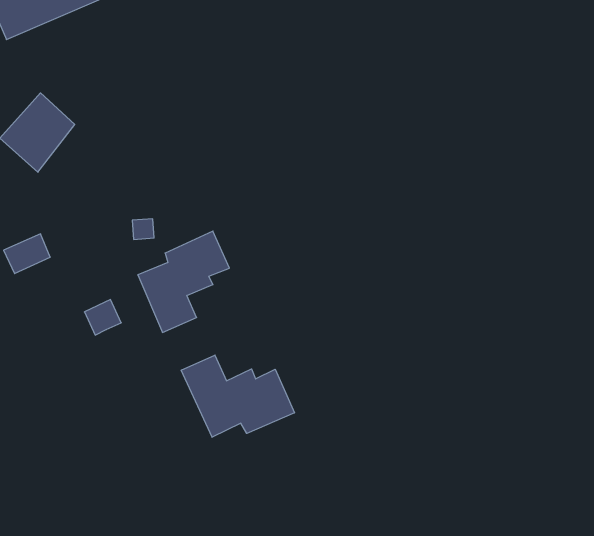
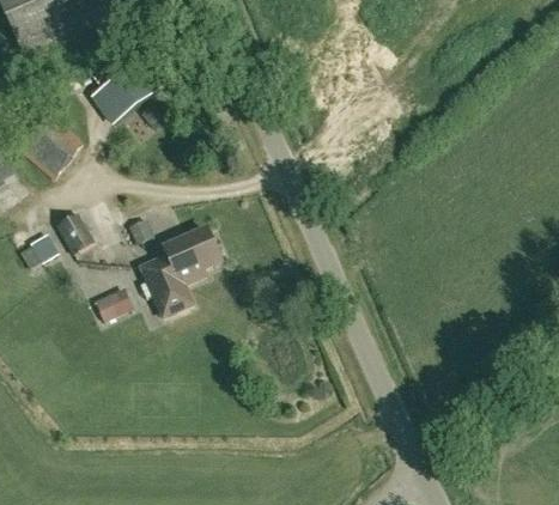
building: none -> [95,75,142,118]
building: none -> [57,214,95,254]
building: [181,355,294,437] -> none

